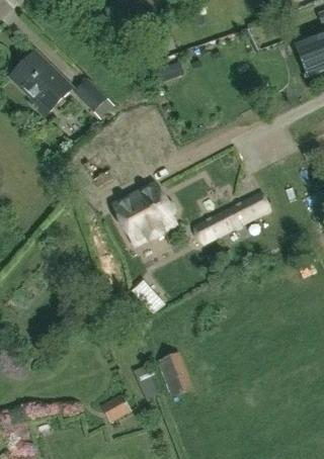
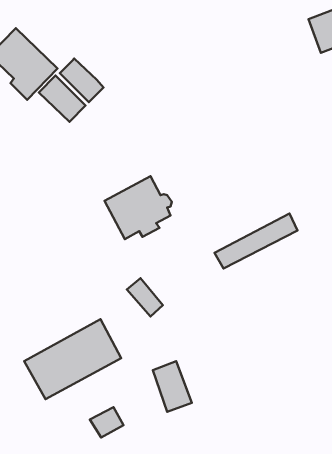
building: none -> [39,76,86,122]
building: [193,191,268,241] -> [214,214,297,269]
building: none -> [24,319,121,399]

